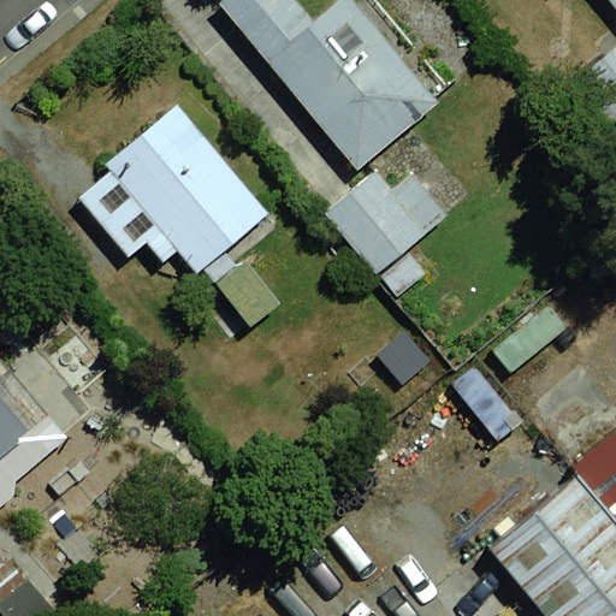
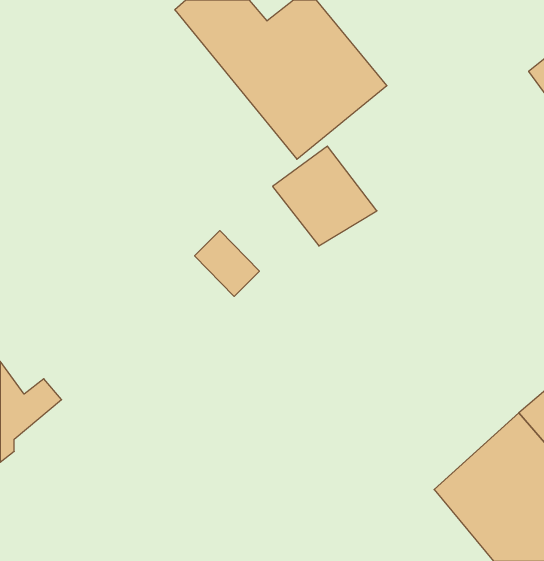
building: [70,108,277,278] -> none

